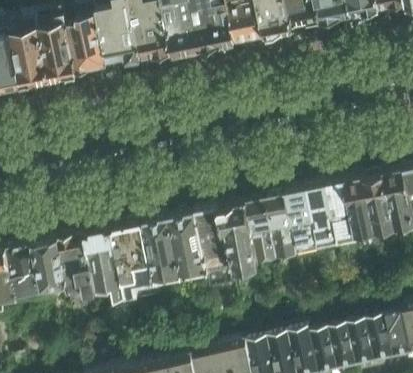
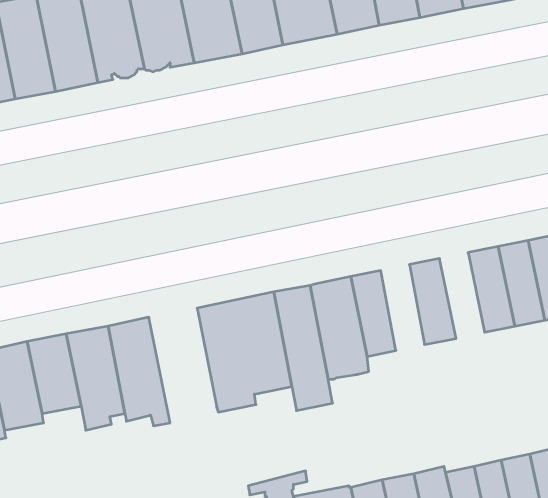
building: [306,186,336,243] -> none
building: [267,194,296,251] -> none
building: [113,223,159,299] -> none

